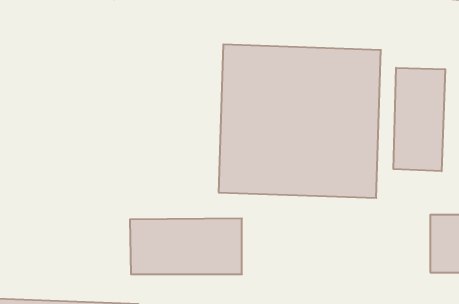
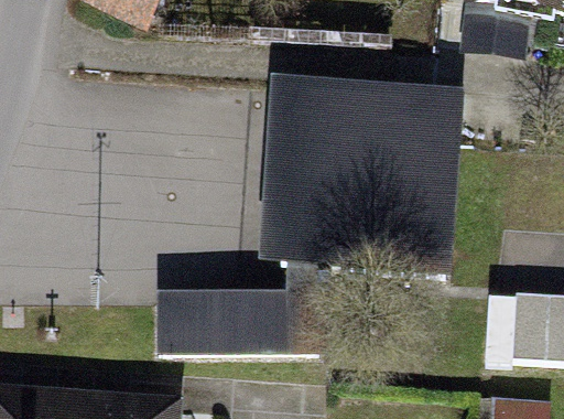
building: [393,68,445,171] -> none

